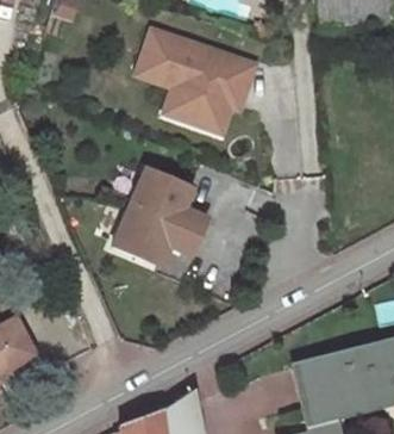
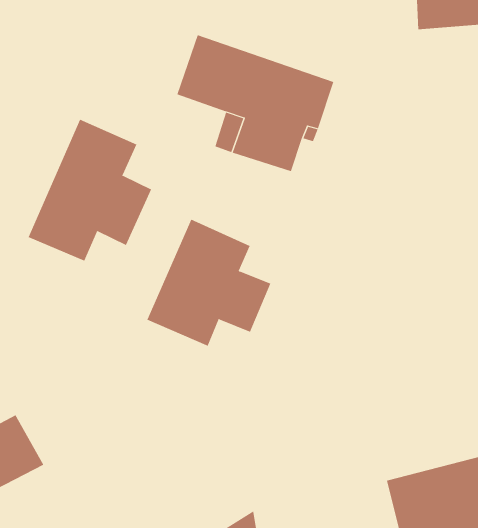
building: none -> [28,119,152,262]

